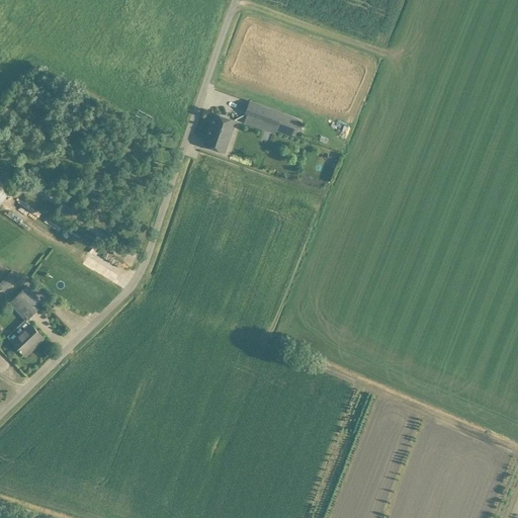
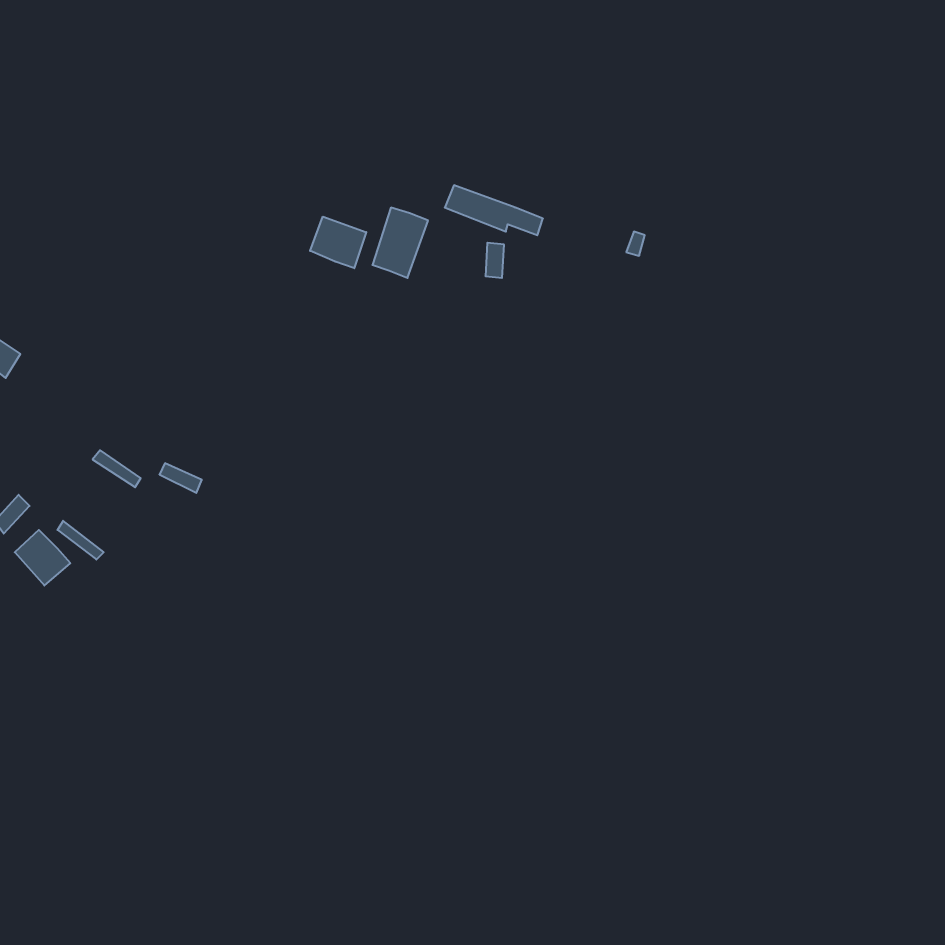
building: none -> [310,217,366,268]
building: [11,325,42,354] -> none

